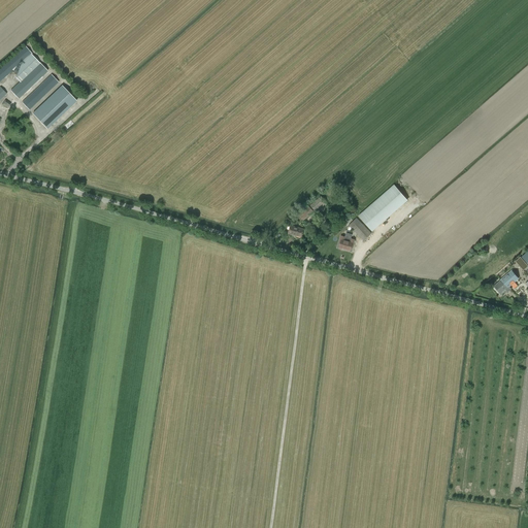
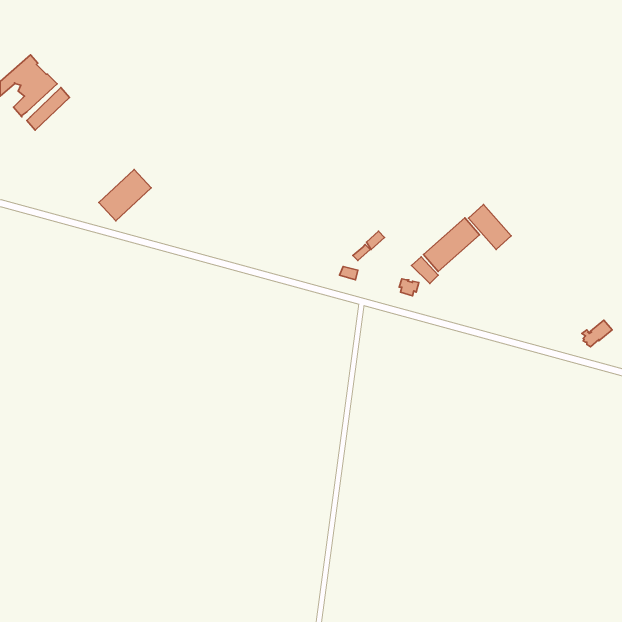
building: [33,86,77,129] -> [99,170,151,221]
building: none -> [468,205,511,249]

